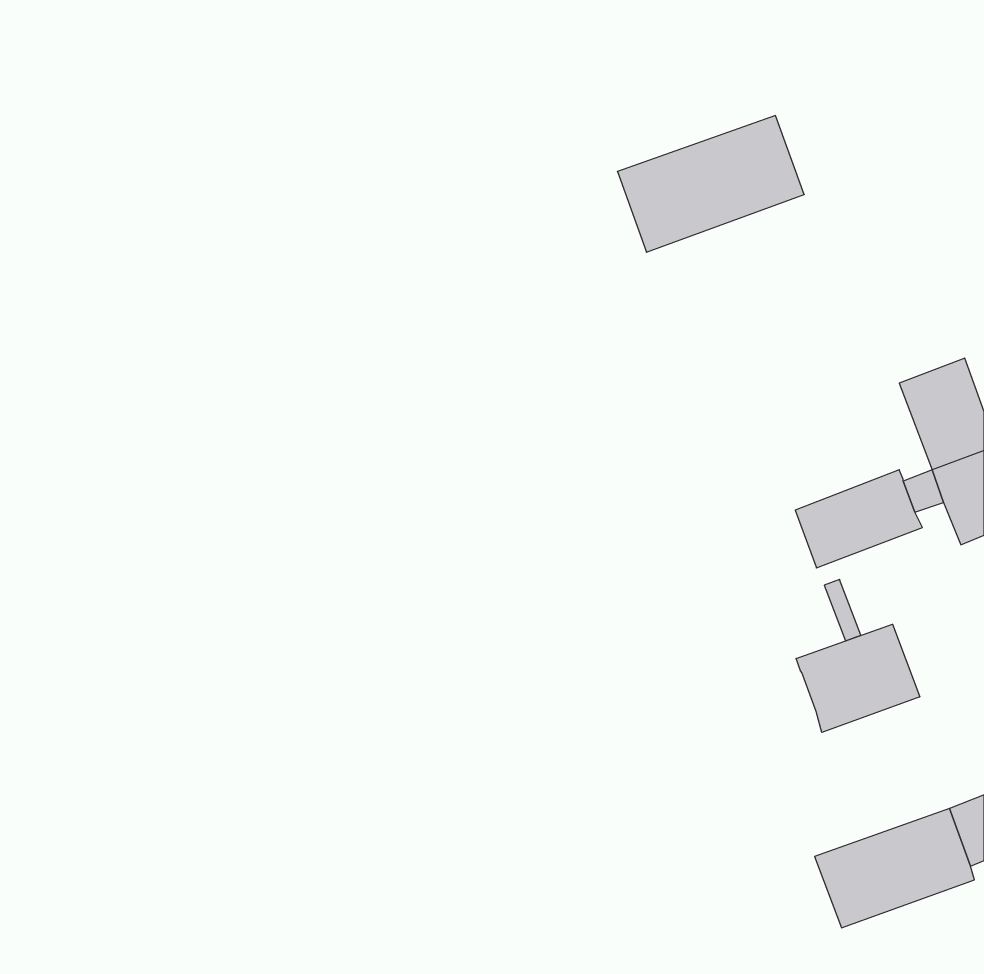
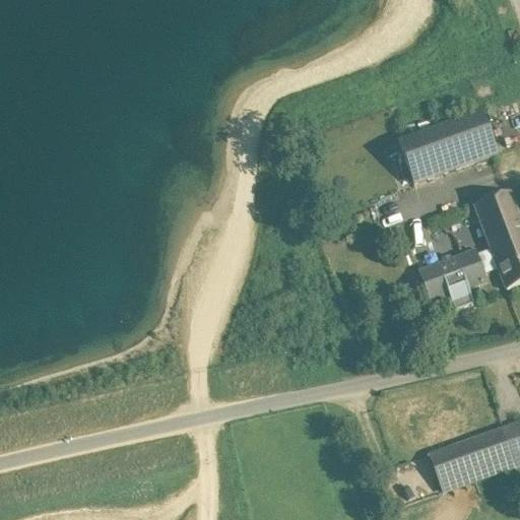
building: [617,116,804,252] -> [398,110,497,182]
building: [796,624,920,732] -> none

